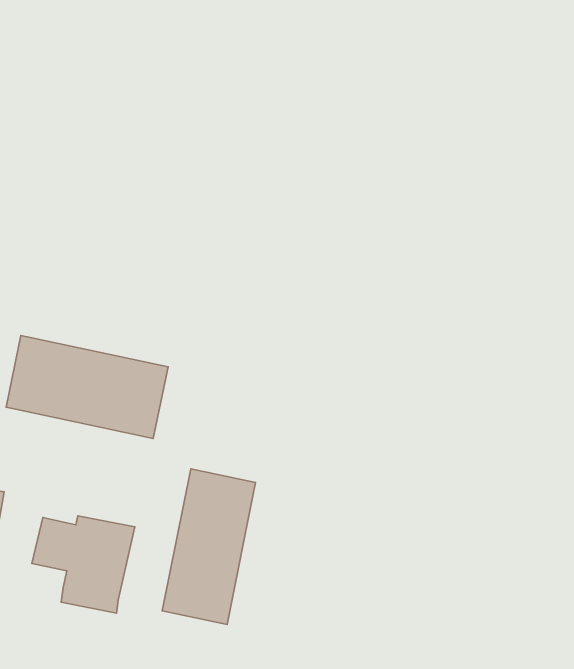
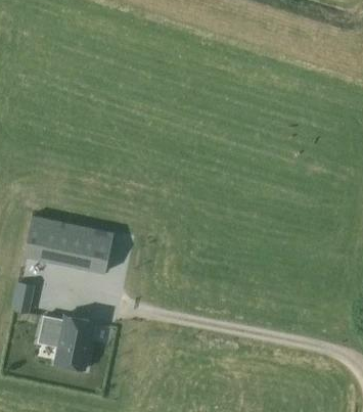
building: [162,469,255,624] -> none

